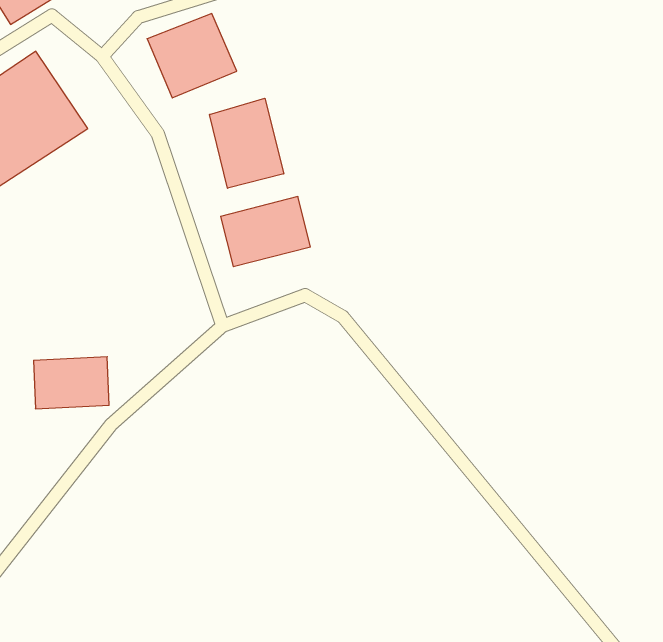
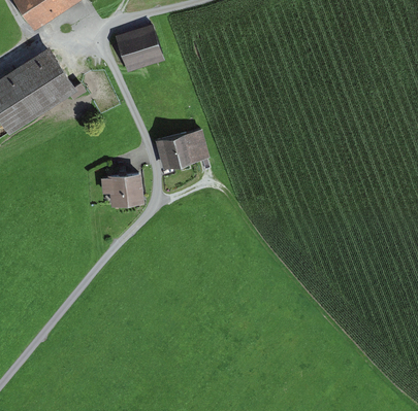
building: [210,98,284,188] -> none
building: [34,357,109,409] -> [101,174,144,204]

